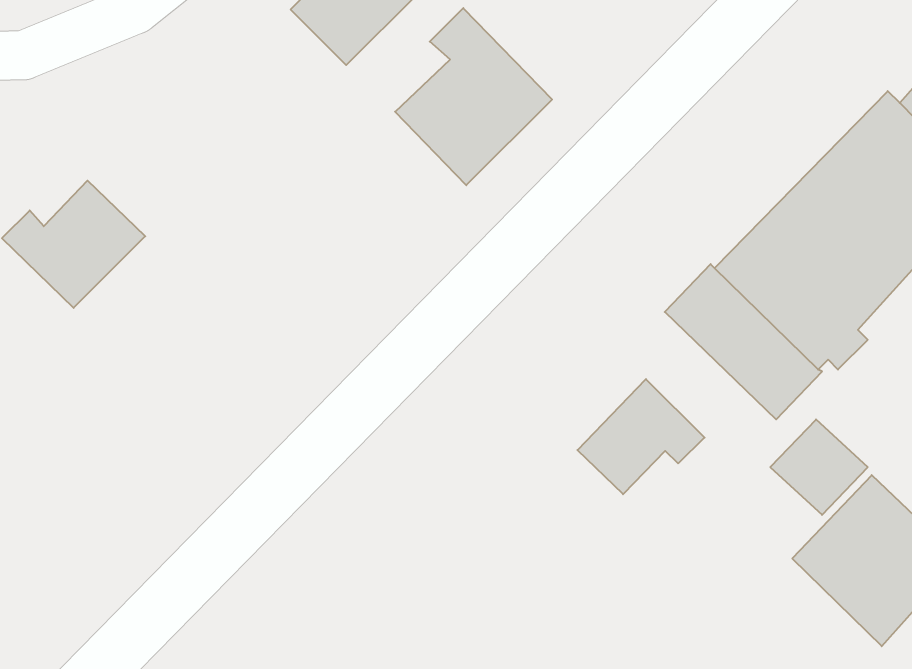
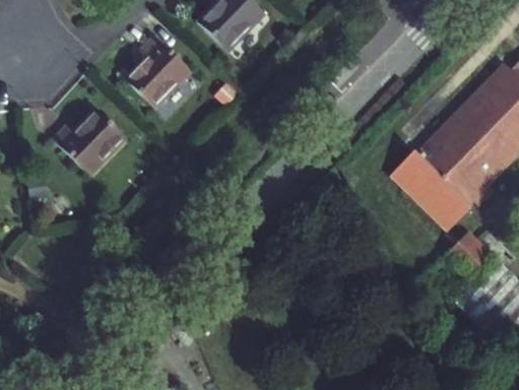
building: [395,8,552,185] -> none
building: none -> [124,35,190,108]
building: [577,379,705,494] -> none

